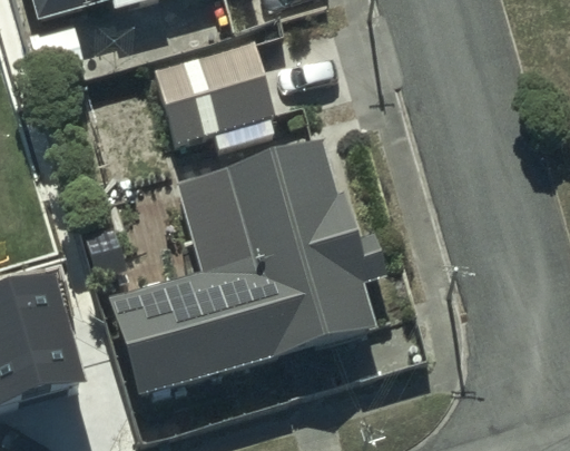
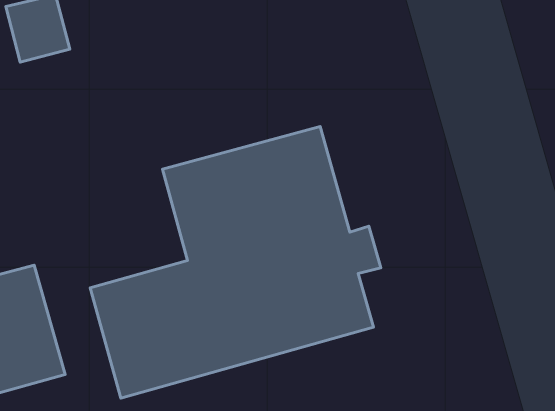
building: [157,31,276,137] -> none

